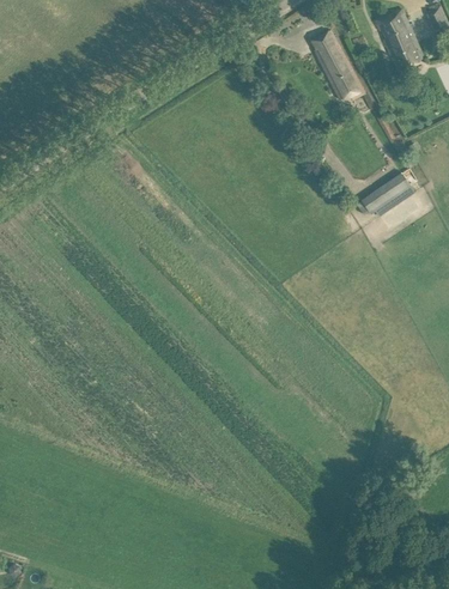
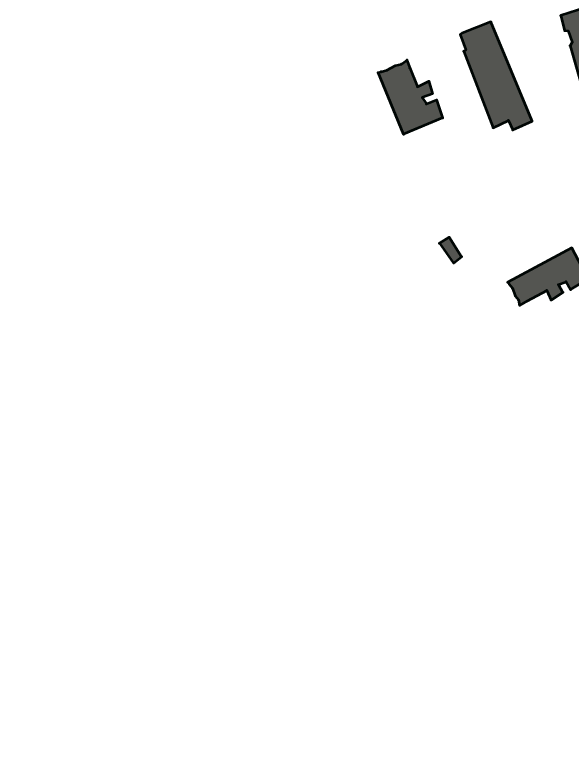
building: none -> [378,60,443,134]

